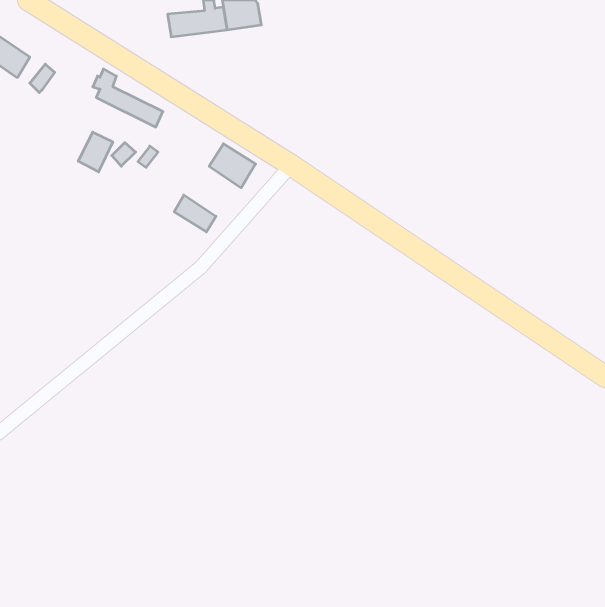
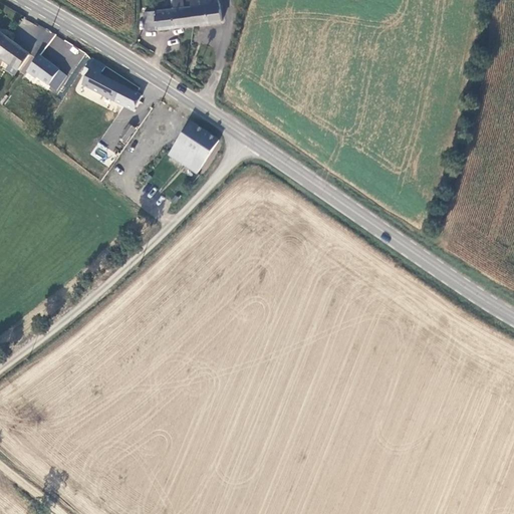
building: none -> [36,61,64,88]
building: [78,132,113,172] -> none
building: [174,195,216,232] -> [169,141,204,172]

